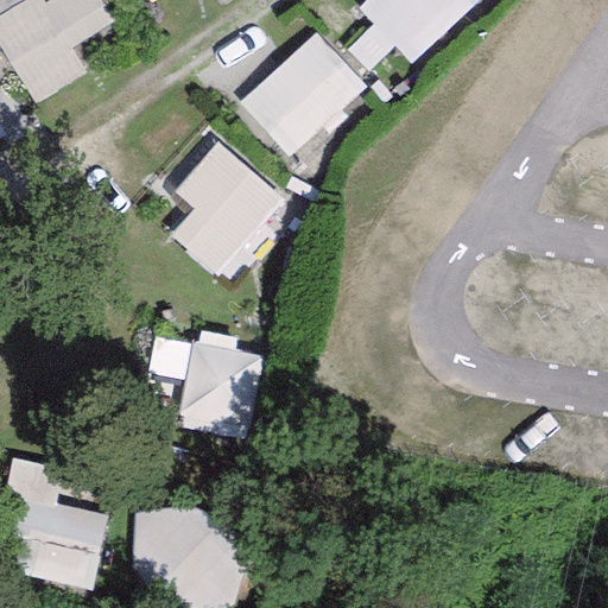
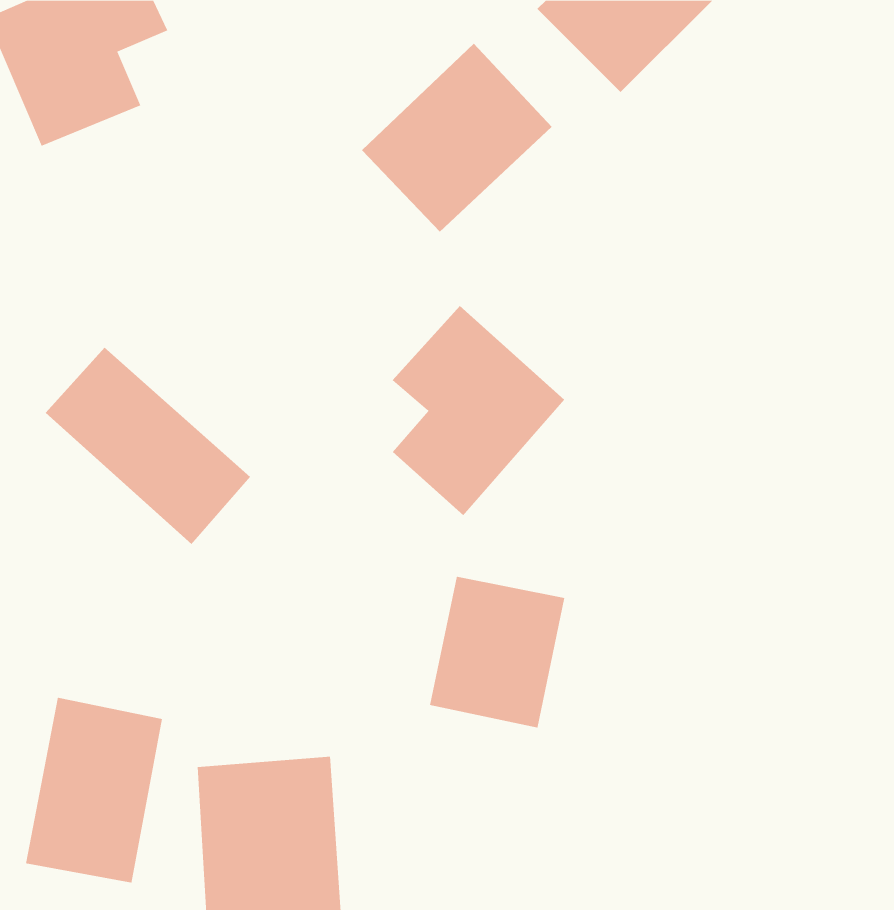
building: [173,139,289,279] -> [392,305,565,516]
building: none -> [45,347,251,545]
building: [175,336,265,437] -> [429,576,565,728]

